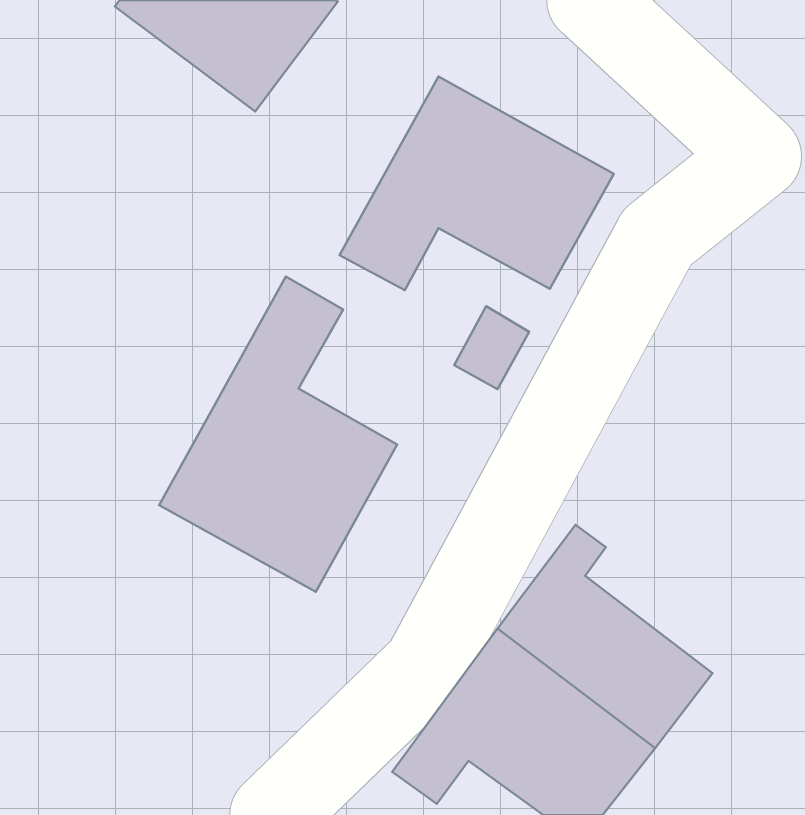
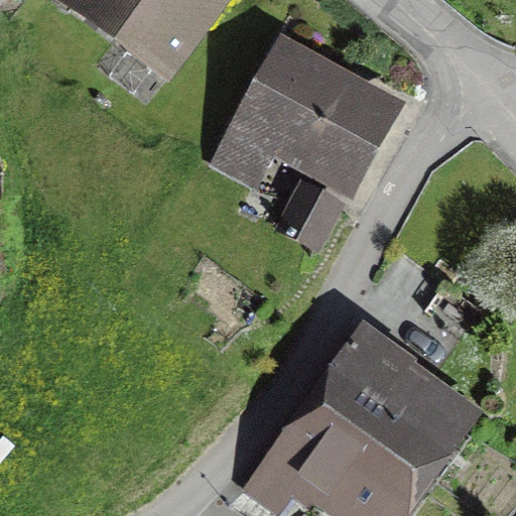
building: [159,276,397,592] -> none

